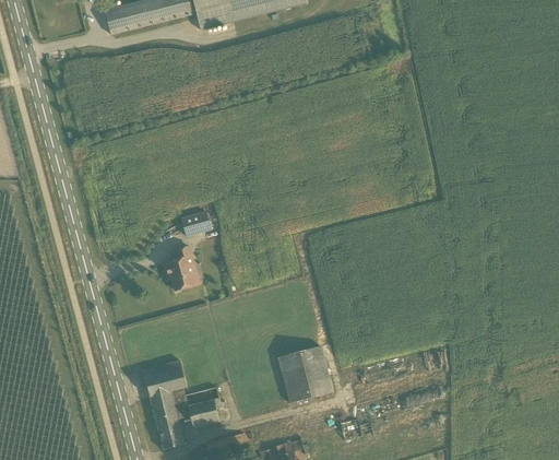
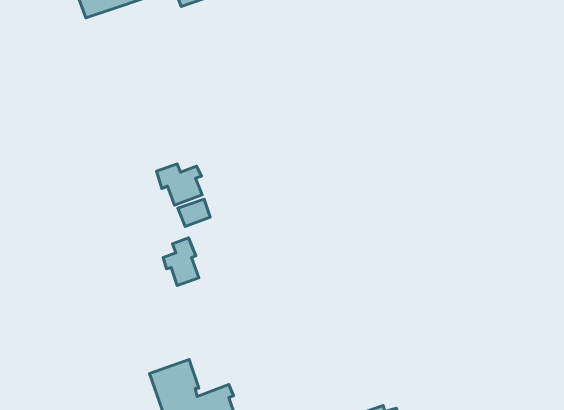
building: none -> [156,164,202,205]
building: [277,344,333,401] -> none

